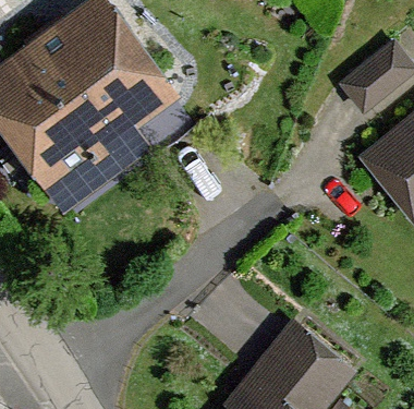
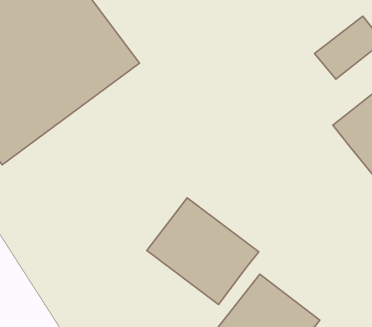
building: none -> [147,198,259,304]

